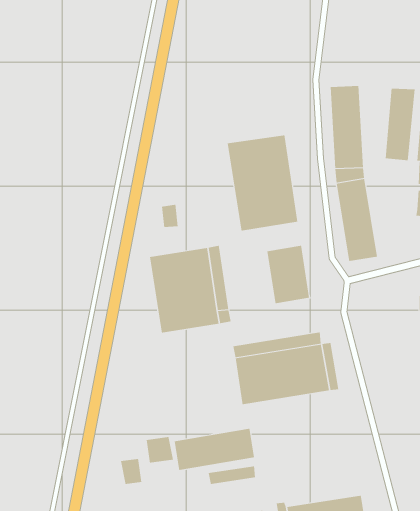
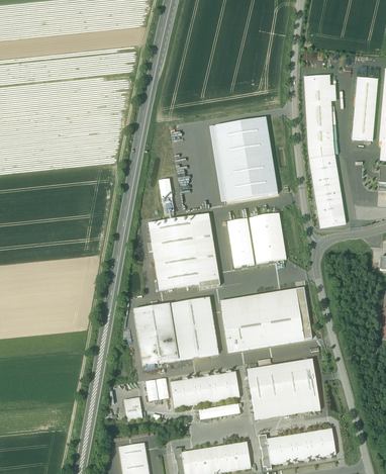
building: none -> [227,218,254,266]
building: none -> [133,297,218,365]
building: none -> [247,359,320,419]

